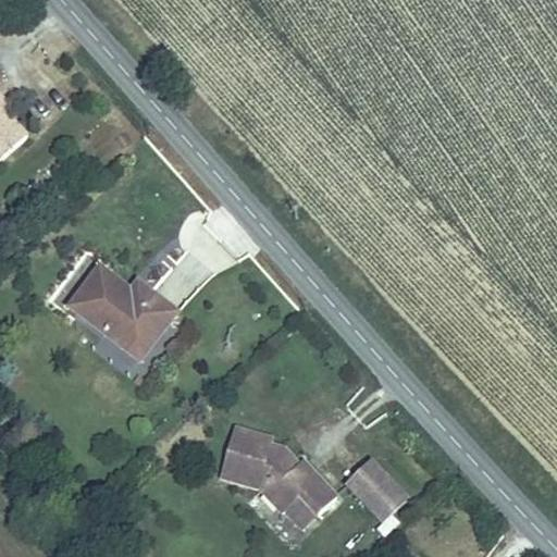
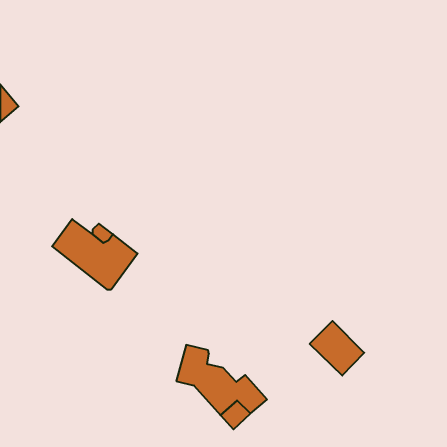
building: [349,455,417,522] -> [310,321,364,376]

